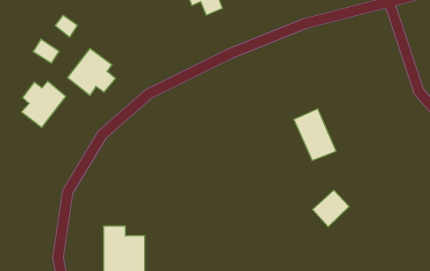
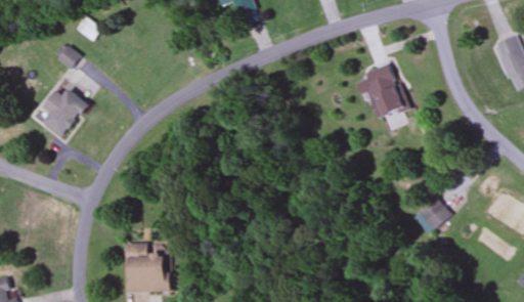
building: [67,49,115,96] -> none
building: [294,109,336,161] -> [361,61,406,117]
building: [313,190,349,227] -> [409,197,448,235]

